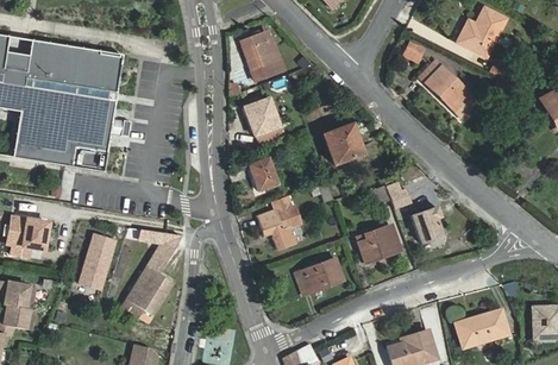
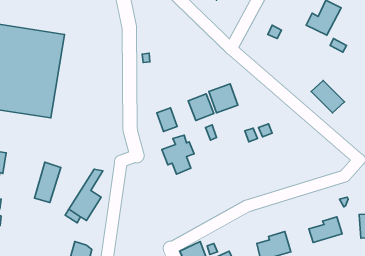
building: [239,29,287,81] -> none
building: [425,65,471,111] -> [311,80,345,113]
building: [243,97,278,134] -> [188,94,214,120]
building: [408,203,444,244] -> none
building: [358,225,400,262] -> none
building: [295,257,344,295] -> none

